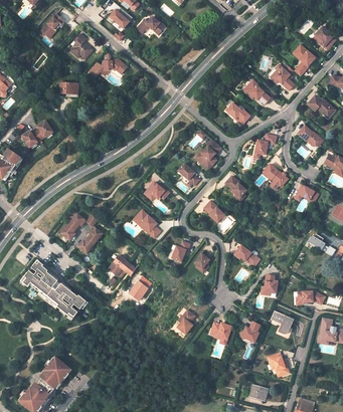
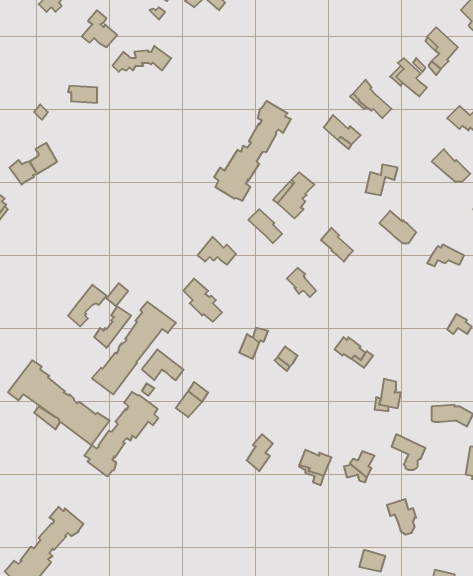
building: none -> [214,101,291,201]
building: none -> [92,302,176,394]
building: none -> [84,392,158,476]

